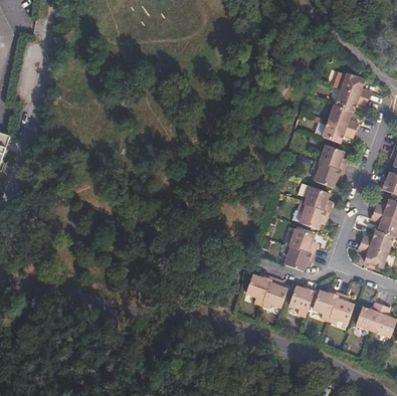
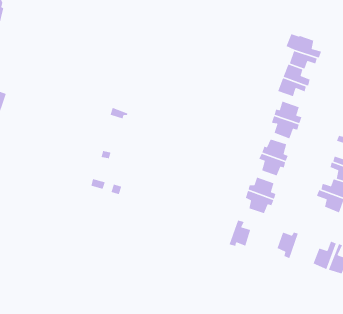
building: [245,272,271,304] -> none
building: [289,283,316,314] -> none
building: [330,290,354,324] -> none

